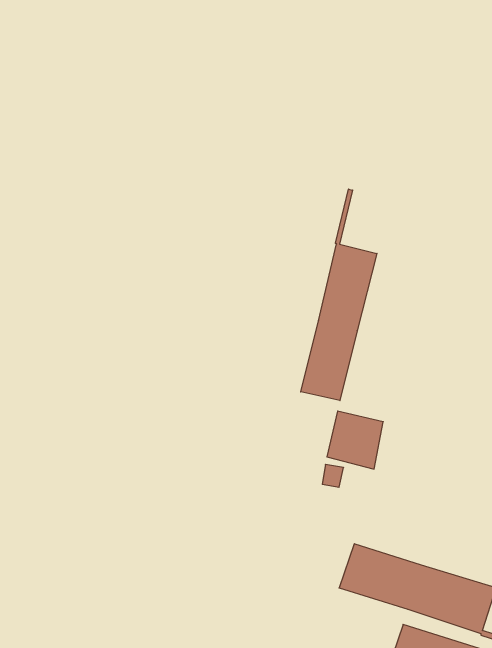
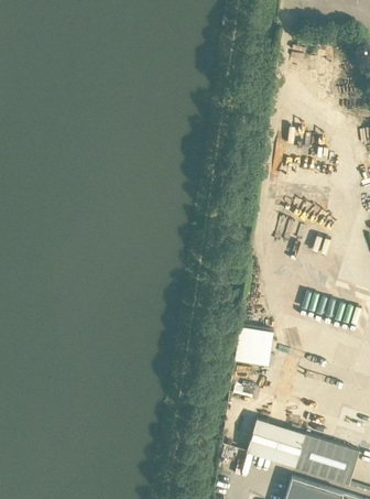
building: [301,189,377,401] -> none

